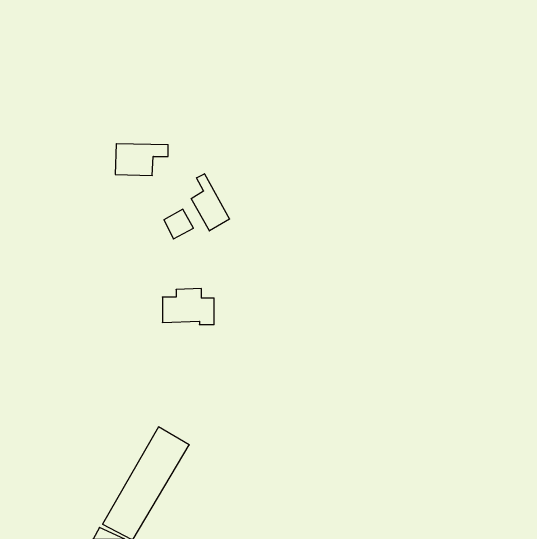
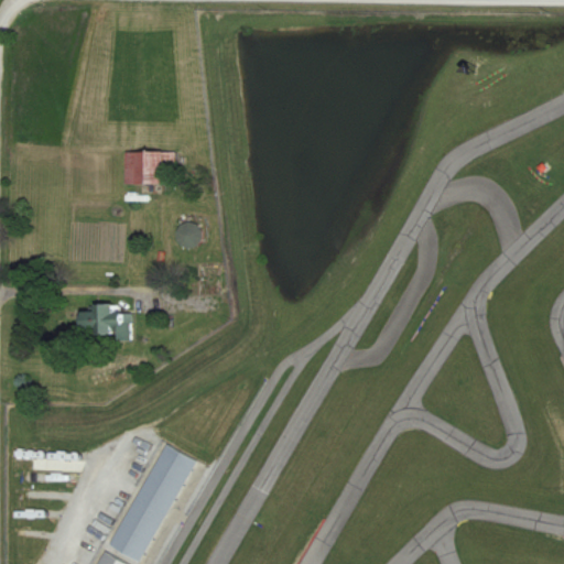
building: [191,174,230,231] -> none
building: [162,289,214,325] -> [77,303,131,340]

